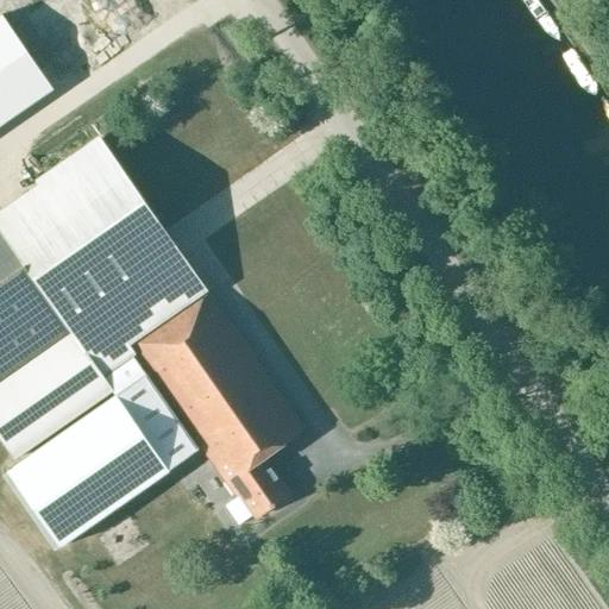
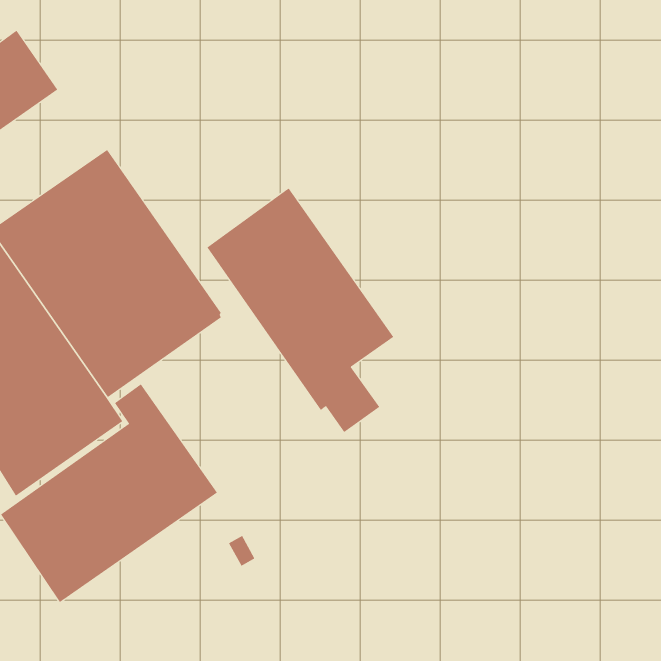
building: [130,290,302,515] -> [206,188,394,433]

